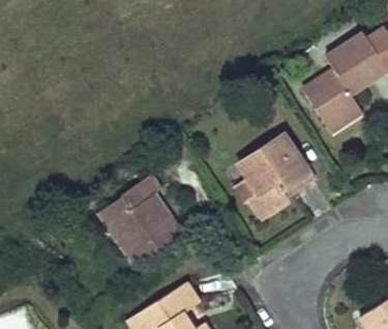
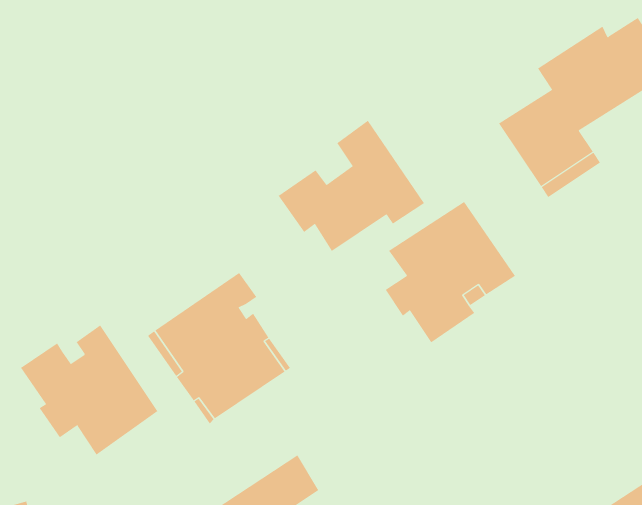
building: none -> [278,120,425,252]
building: none -> [20,324,158,456]

